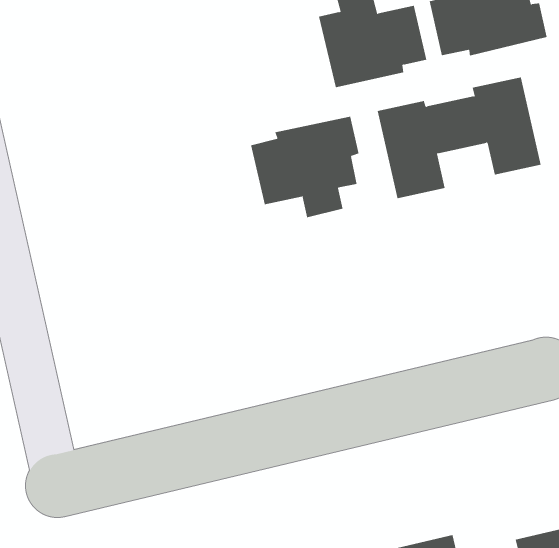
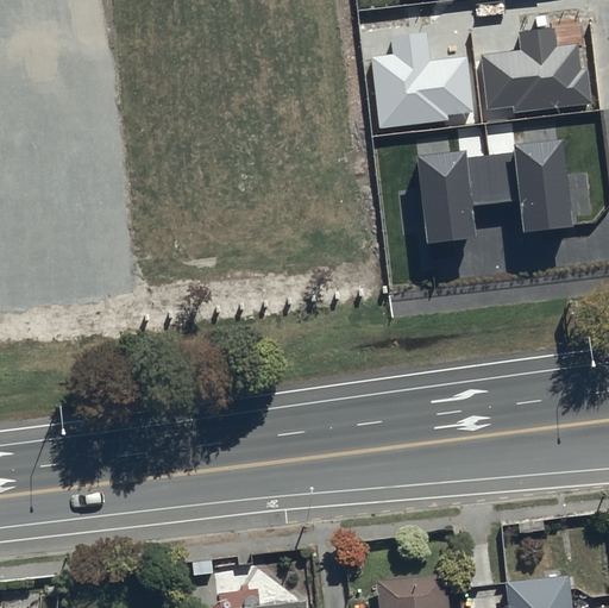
building: [251,116,359,218] -> none

